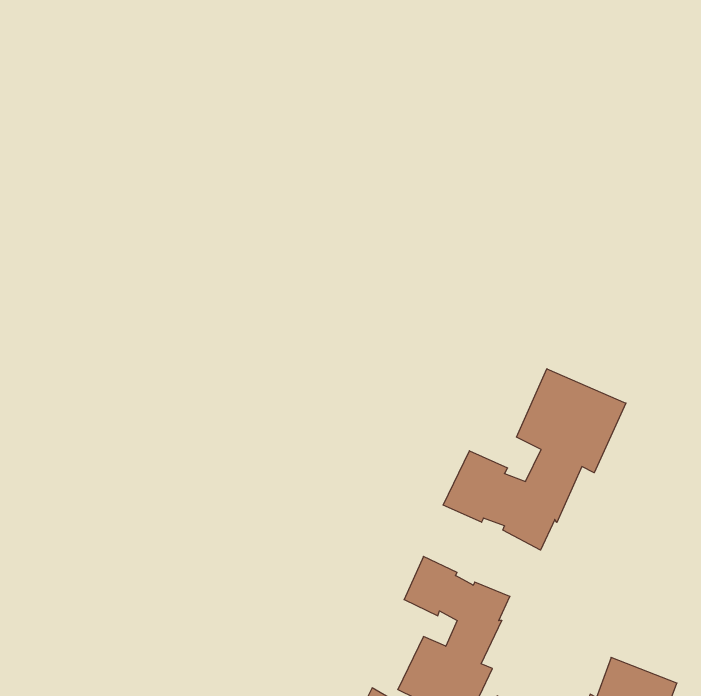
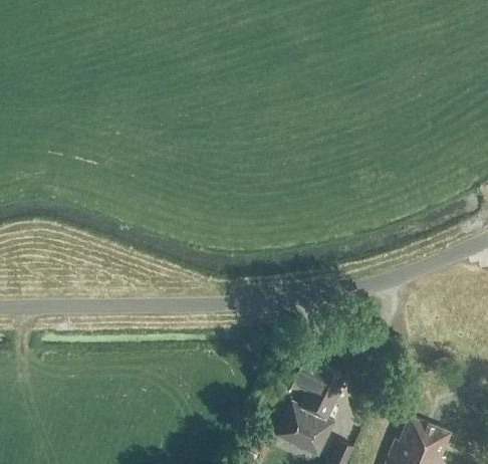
building: [443,369,626,550] -> none

